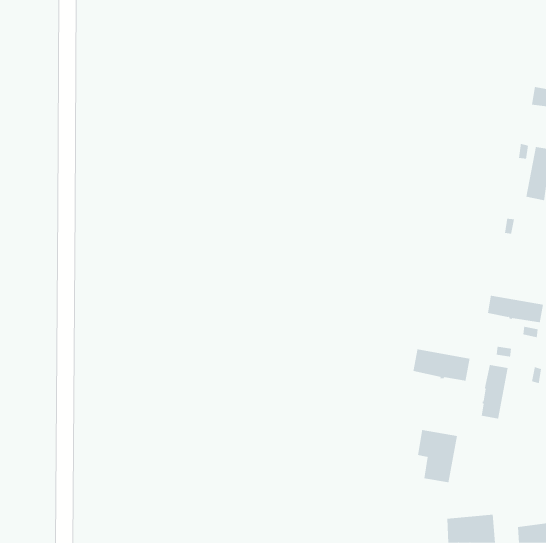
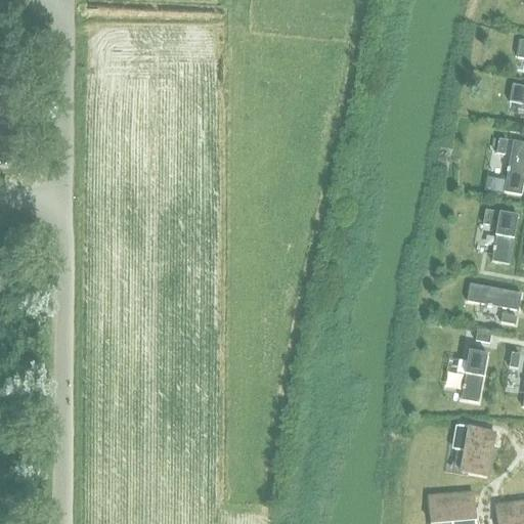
building: none -> [491,211,518,263]
building: [413,348,470,381] -> none
building: [417,429,458,483] -> [454,424,493,475]

